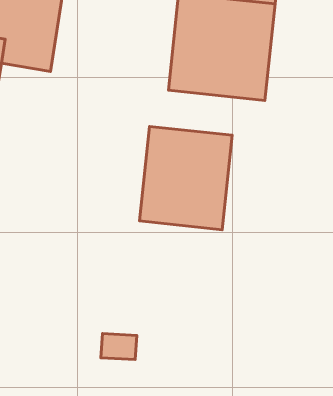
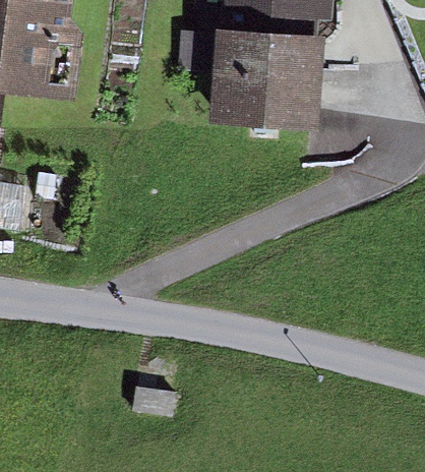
building: [140,126,232,230] -> none

